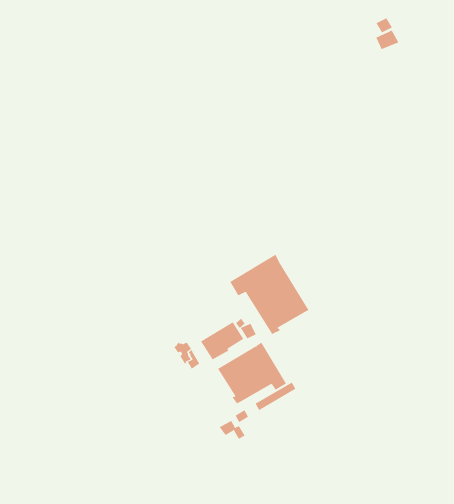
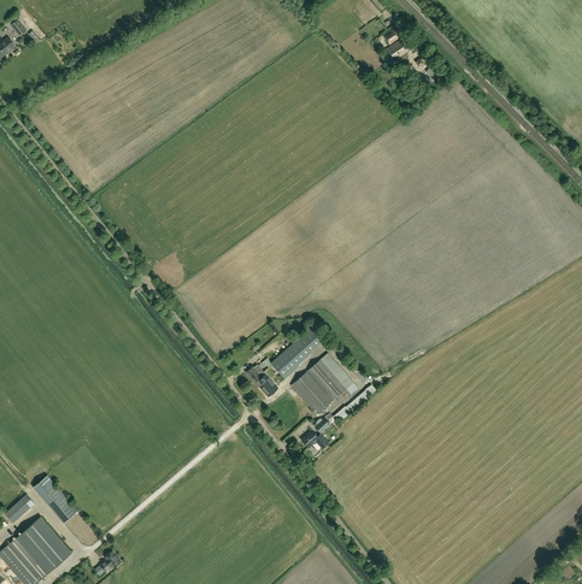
building: [230,254,309,335] -> none

